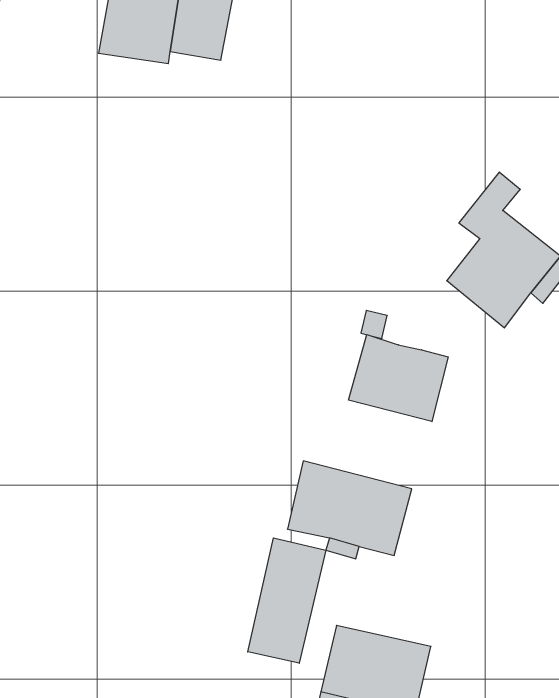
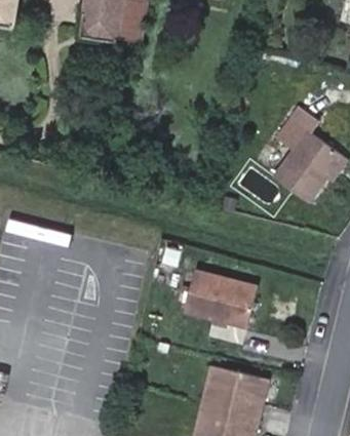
building: [349,335,448,422] -> none
building: [248,538,326,663] -> none

